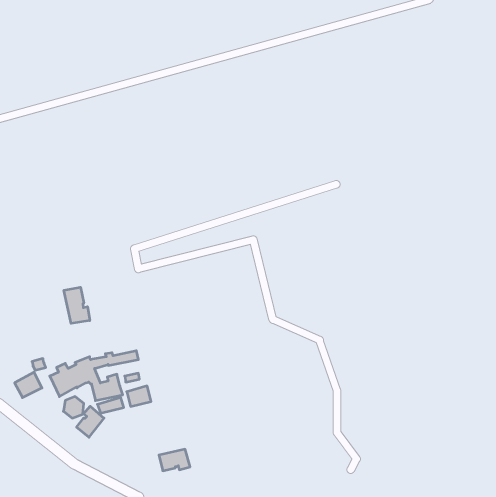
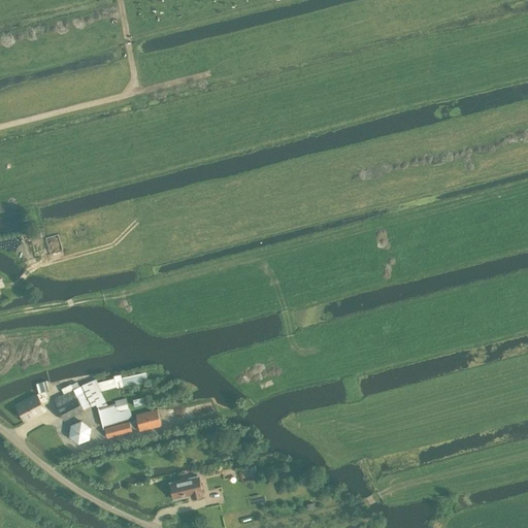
building: [64,287,90,323] -> none
building: [77,406,104,437] -> none

